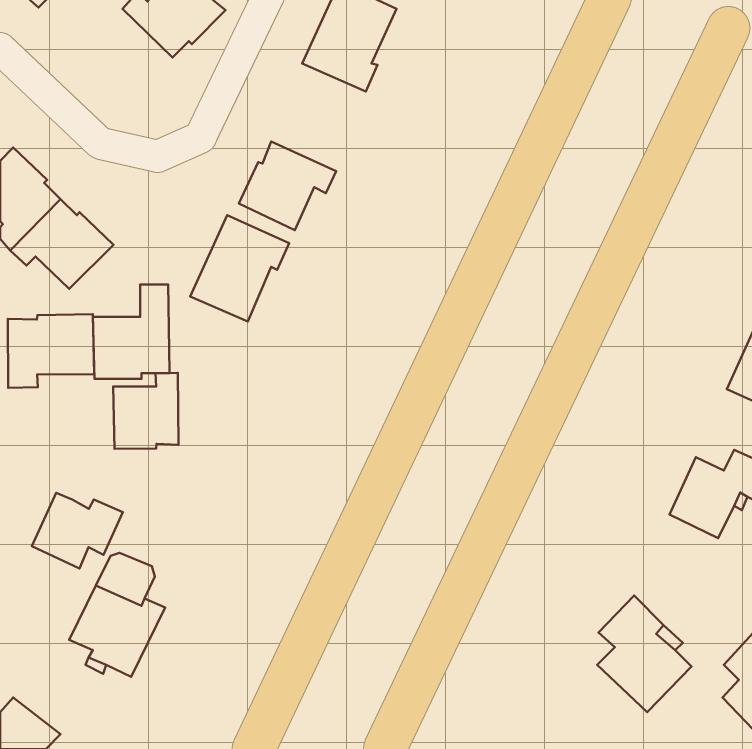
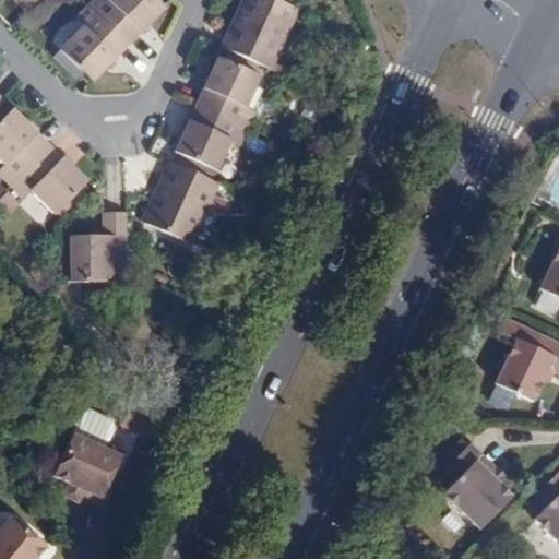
building: none -> [62,7,129,82]
building: none -> [202,57,263,127]
building: [8,314,94,388] -> none
building: [113,373,178,449] -> none
building: [32,493,123,568] -> none

